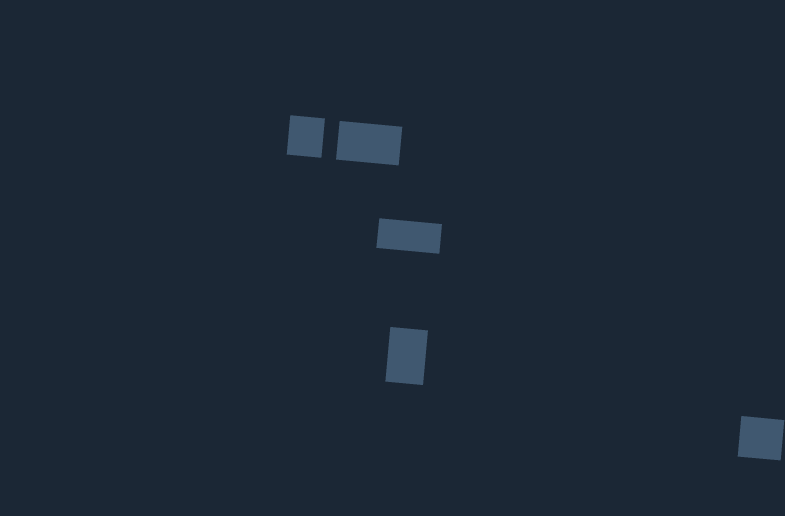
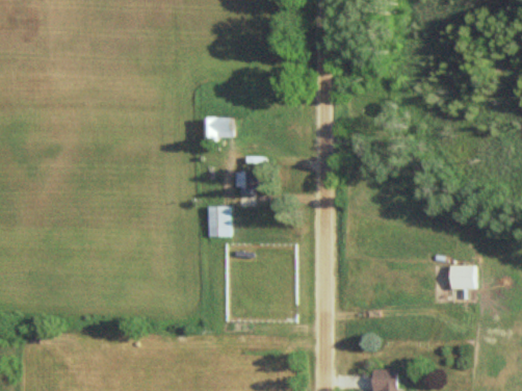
building: [286,115,326,158] -> none
building: [384,327,429,386] -> [206,206,229,238]

